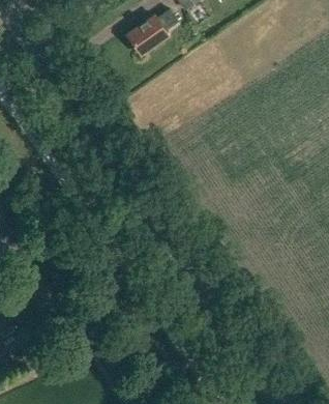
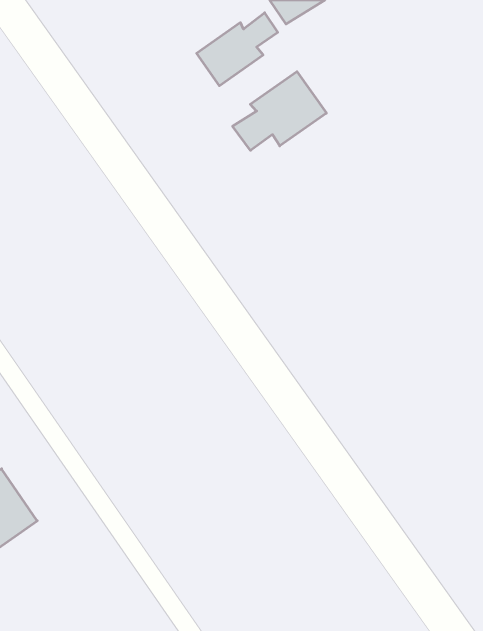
building: none -> [233,72,326,150]

